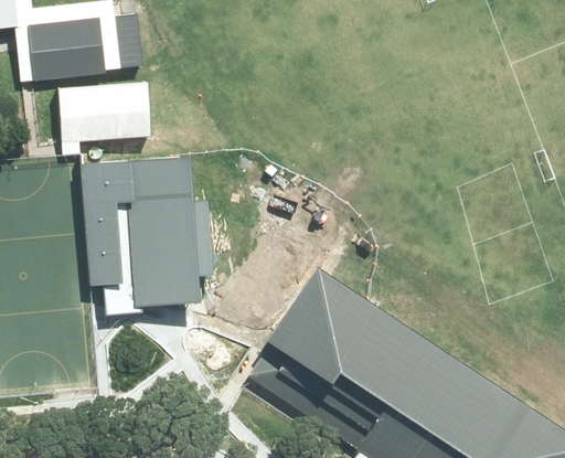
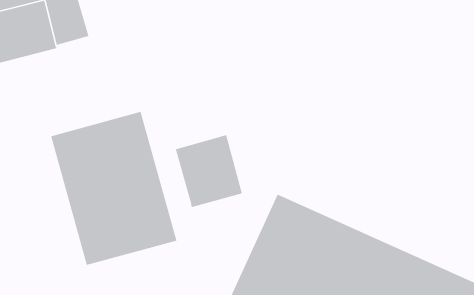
building: [63,84,147,142] -> none
building: none -> [175,134,243,208]

